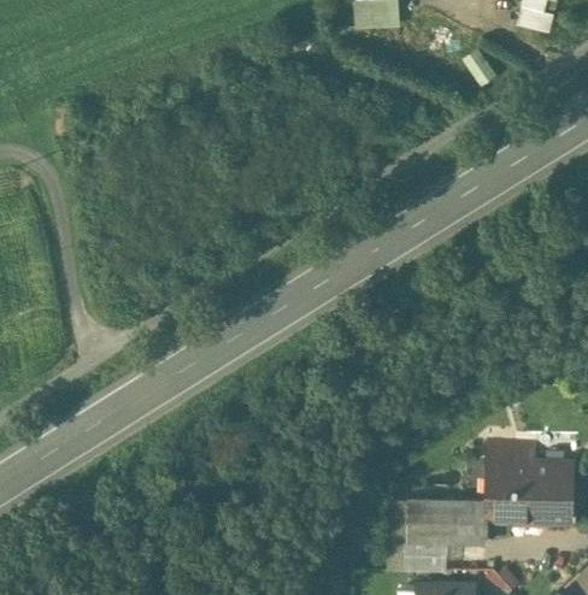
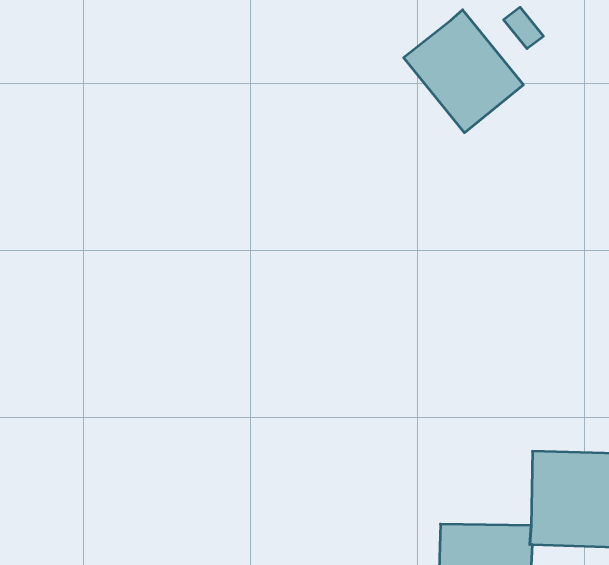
building: none -> [404,10,523,133]

